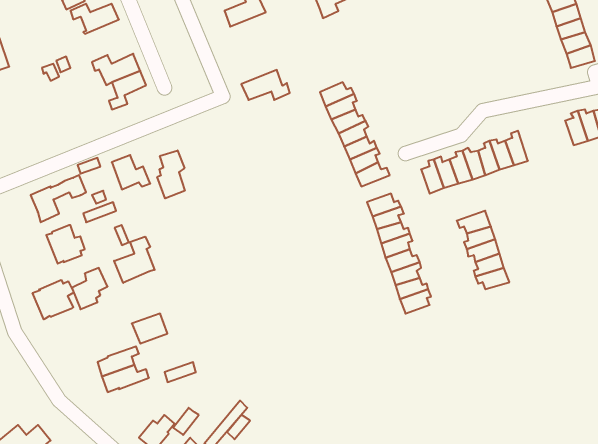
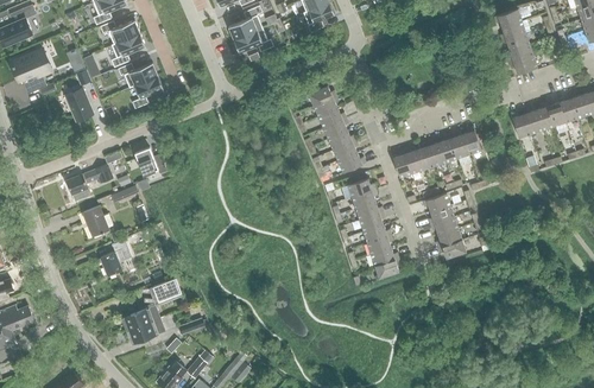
building: none -> [110,33,145,68]
building: [241,70,290,100] -> [233,27,273,52]
building: none -> [65,88,93,121]
building: [157,150,185,198] -> none
building: [114,237,155,283] -> none
building: [33,280,74,319] -> none

